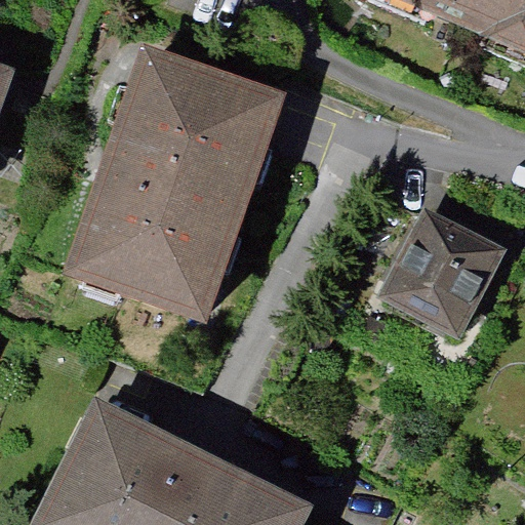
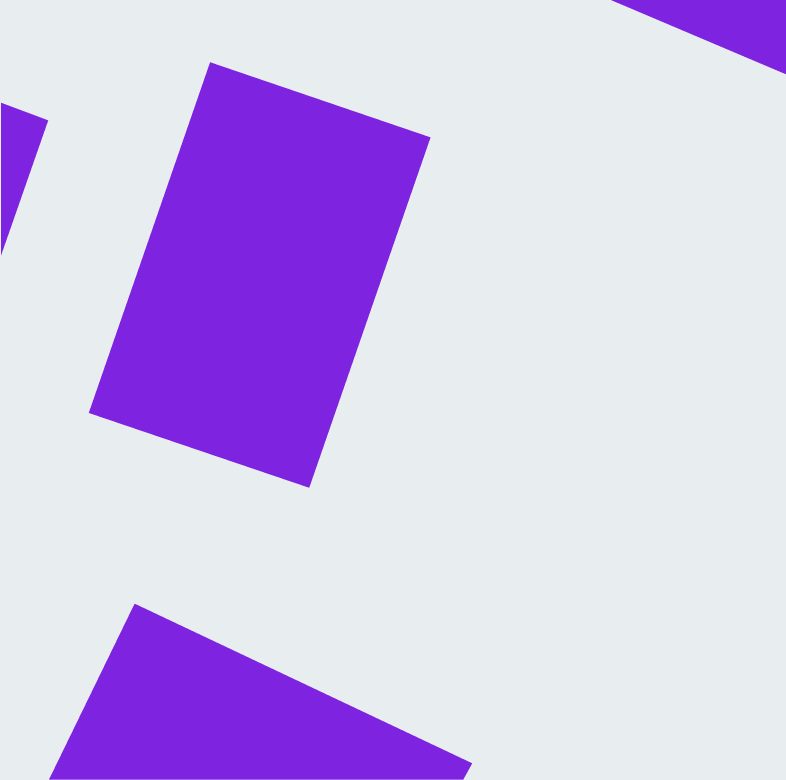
building: [385,208,512,340] -> none

